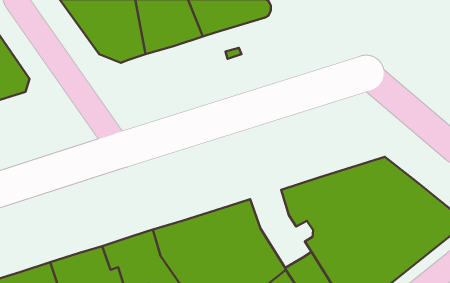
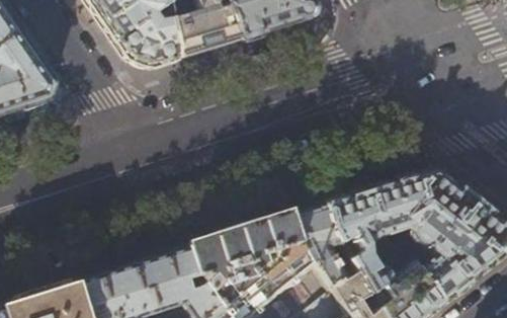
building: none -> [289,205,347,289]

